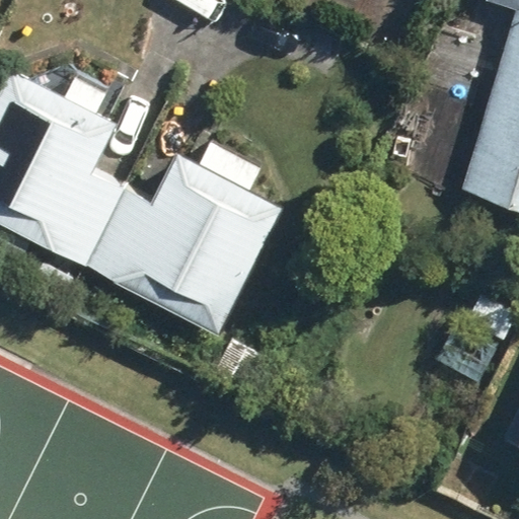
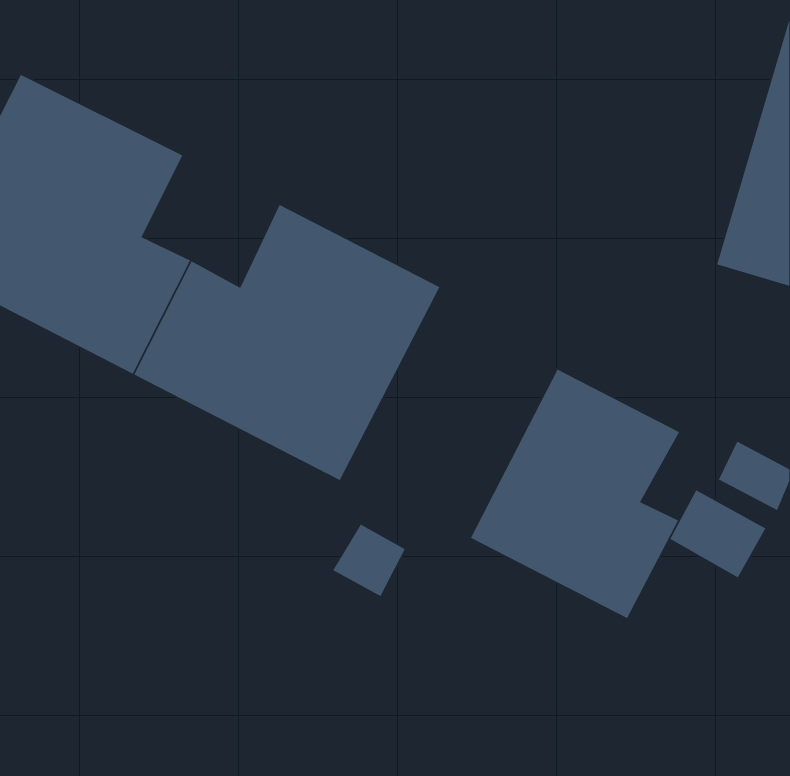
building: none -> [470,368,680,619]

